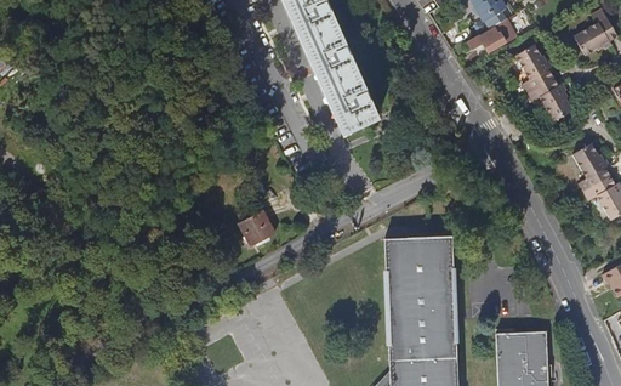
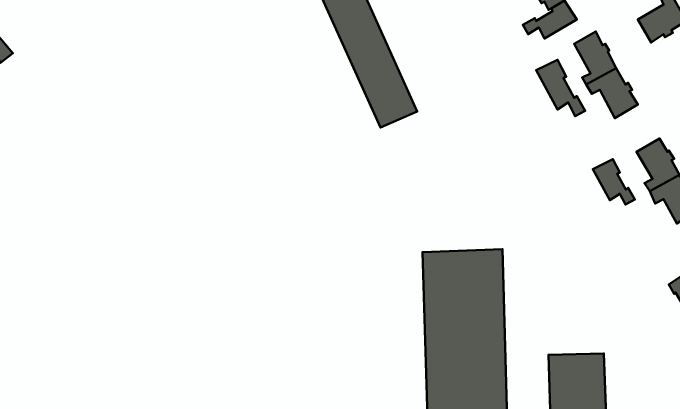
building: none -> [536,60,585,116]
building: none -> [593,159,635,205]
building: [239,210,275,246] -> none

